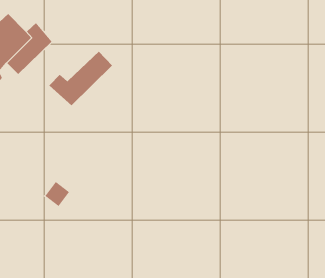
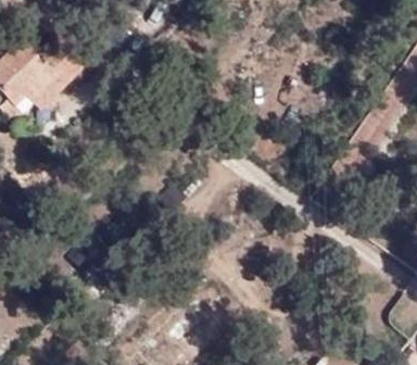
building: [49,51,113,106] -> none

